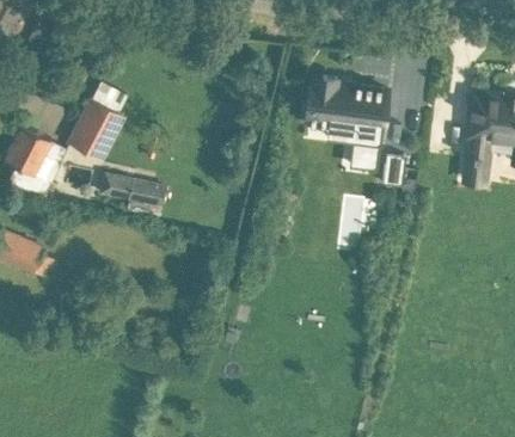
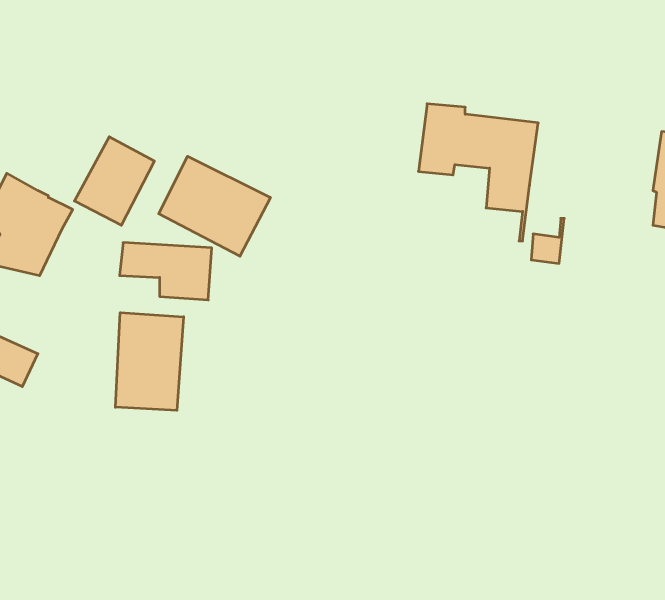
building: none -> [159,156,270,256]
building: none -> [115,313,184,410]

